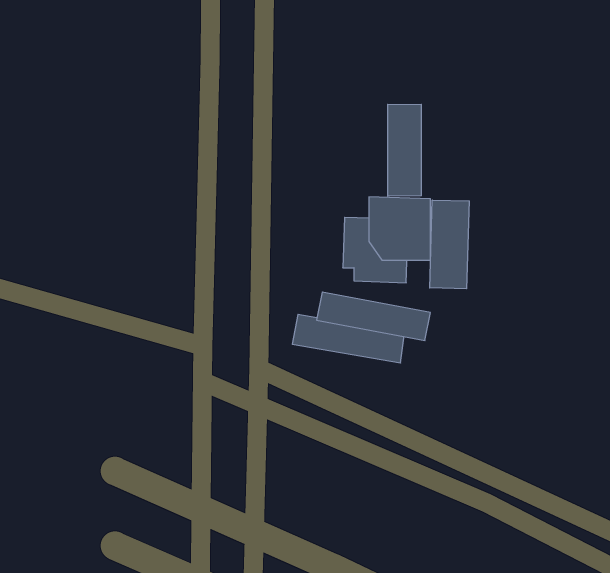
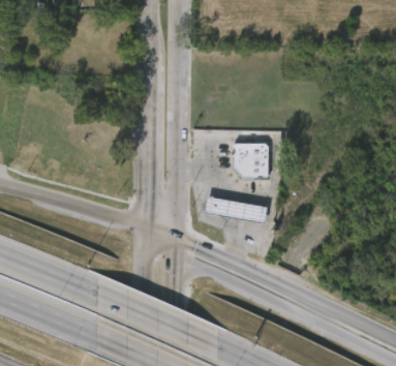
building: [388,104,421,196] -> none
building: [430,200,469,289] -> none

